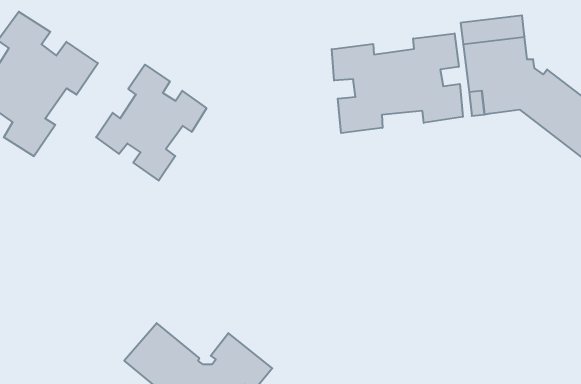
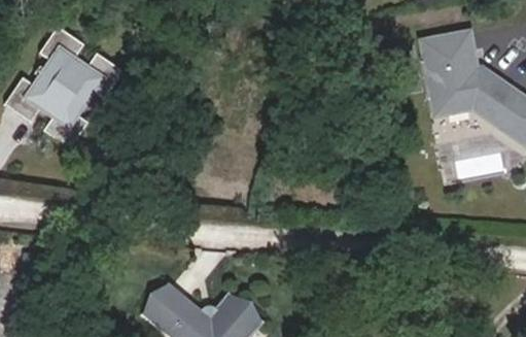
building: [332,33,463,133] -> none
building: [96,65,206,181] -> none

